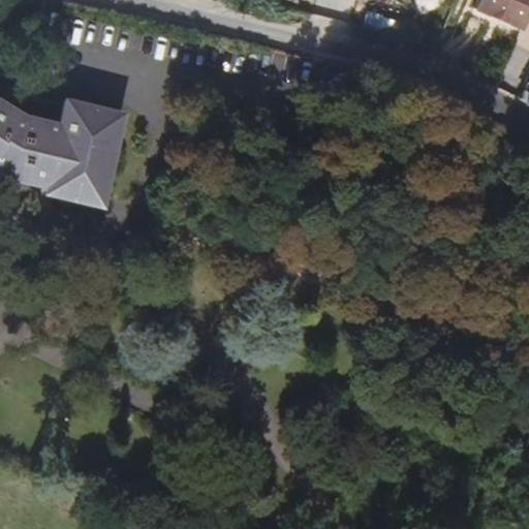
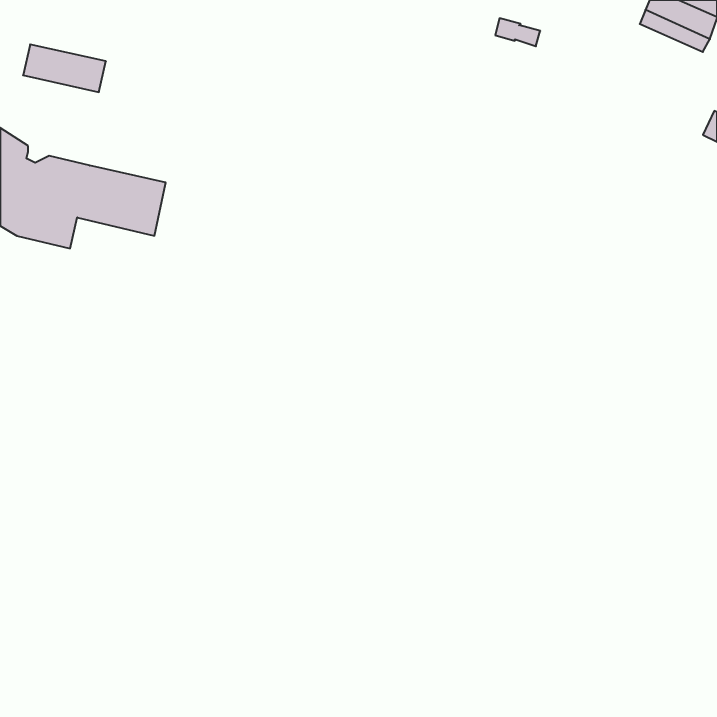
building: [66,99,127,134] -> [23,44,106,92]
building: [50,160,114,204] -> none

